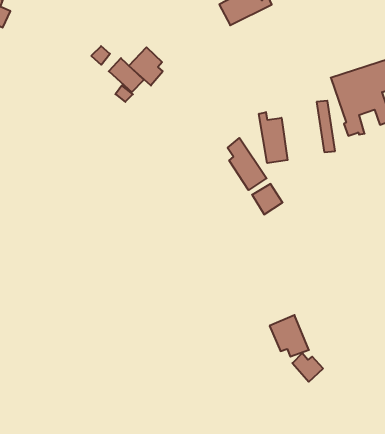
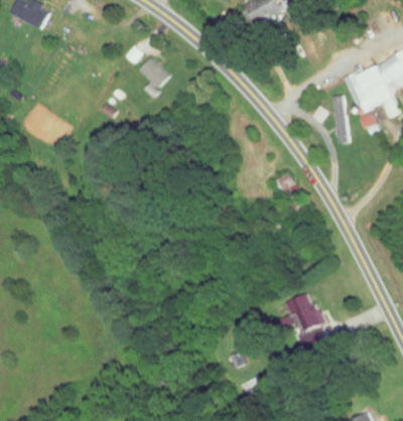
building: [129,47,163,86] -> none
building: [259,112,288,163] -> none
building: [228,138,267,190] -> none

